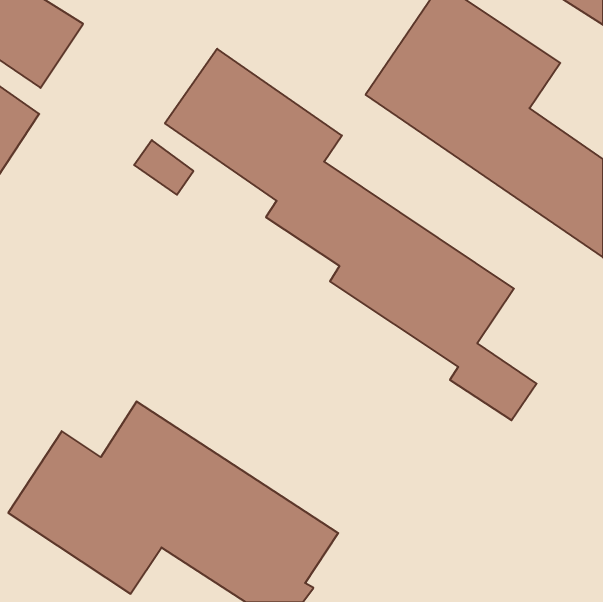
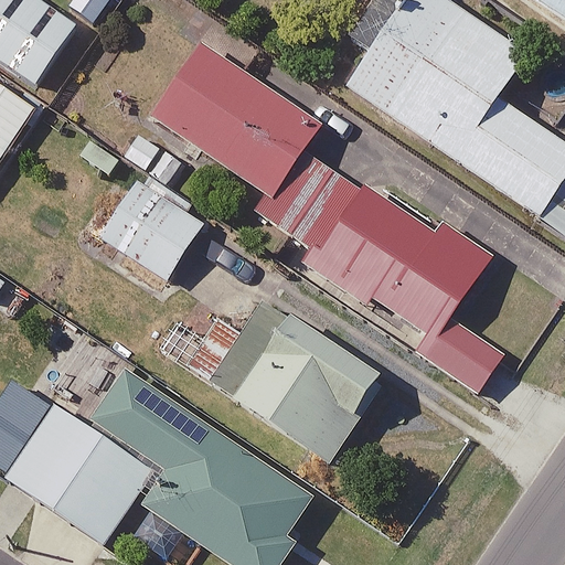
building: none -> [99,172,207,278]
building: none -> [183,292,387,459]

